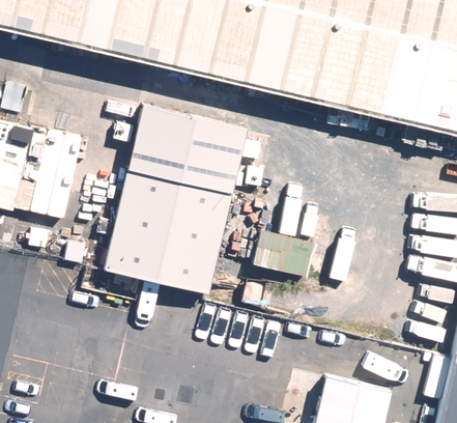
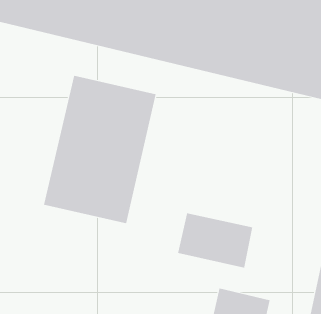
building: none -> [178,212,253,268]

